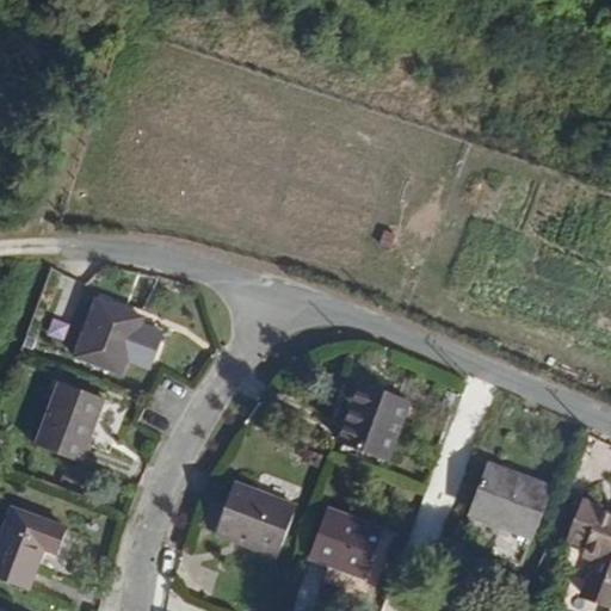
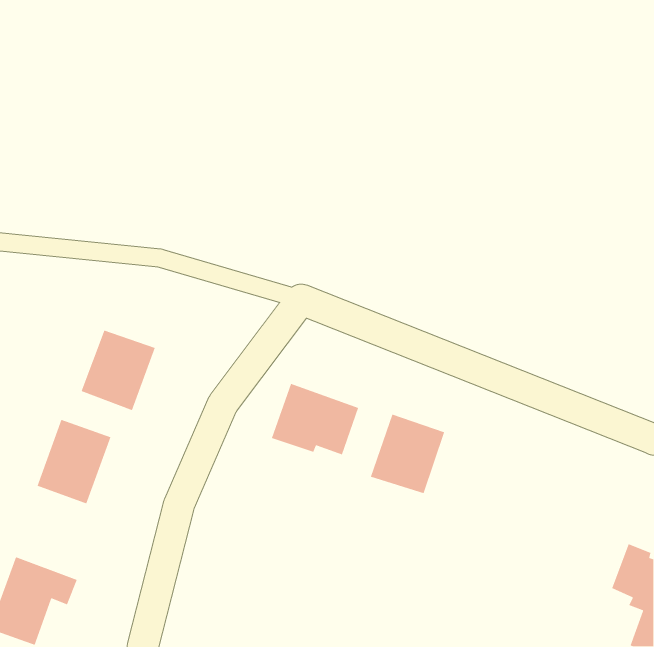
building: [468,453,549,530] -> none
building: [218,482,300,549] -> [271,383,359,455]
building: [309,506,383,573] -> none

